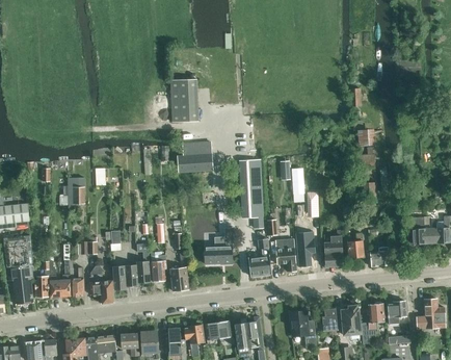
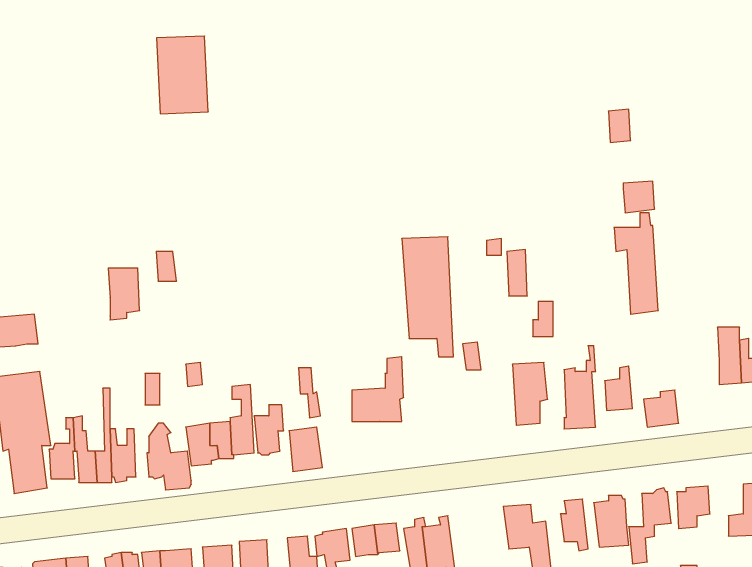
building: [170,79,200,123] -> [157,36,208,114]
building: [177,142,212,172] -> none
building: [248,238,271,277] -> none
building: [274,239,296,272] -> none

